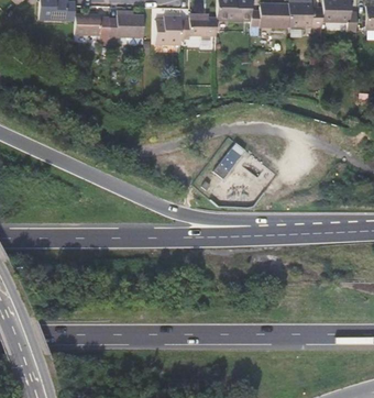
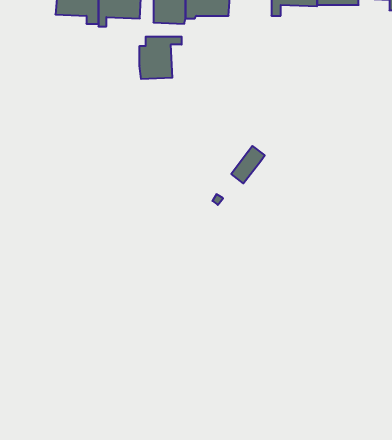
building: none -> [140,37,182,79]

